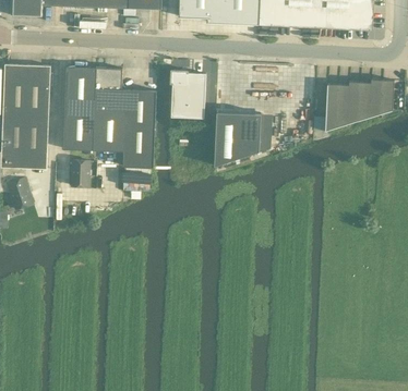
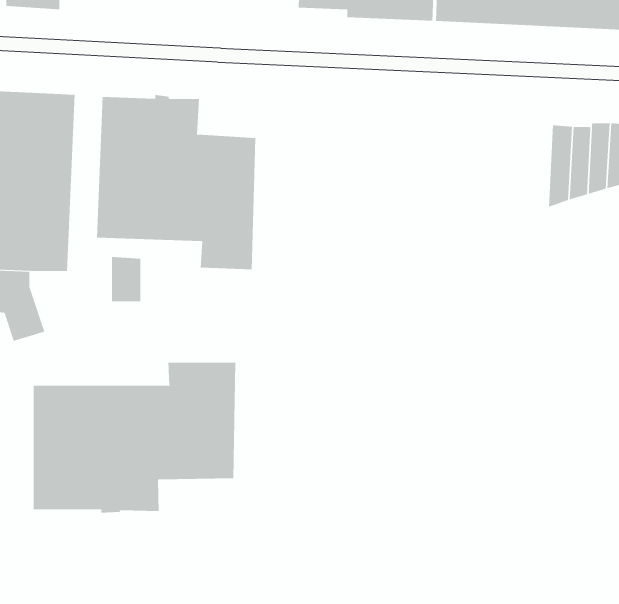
building: [169,70,205,118] -> none
building: [213,111,272,166] -> none
building: none -> [33,362,236,514]

